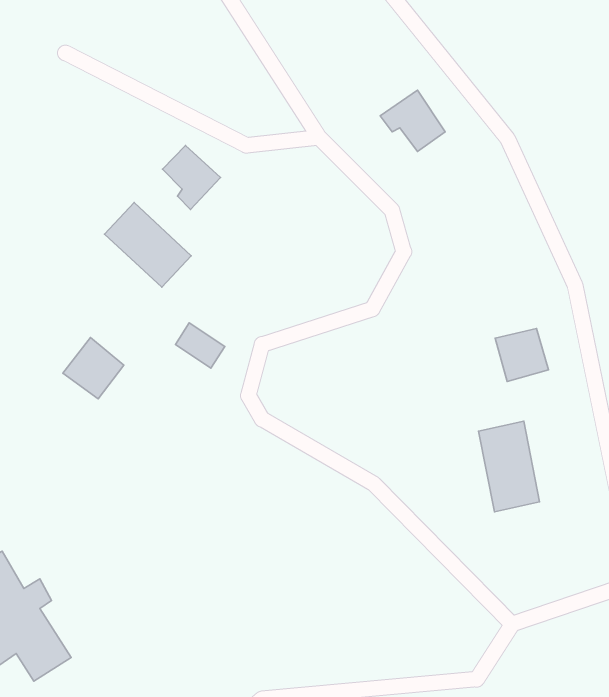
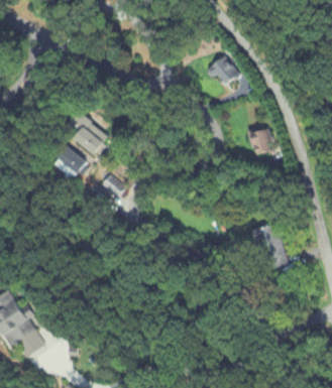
building: [163,146,220,210] -> none
building: [495,328,548,382] -> [247,128,274,155]
building: [63,338,124,399] -> [56,147,87,178]

